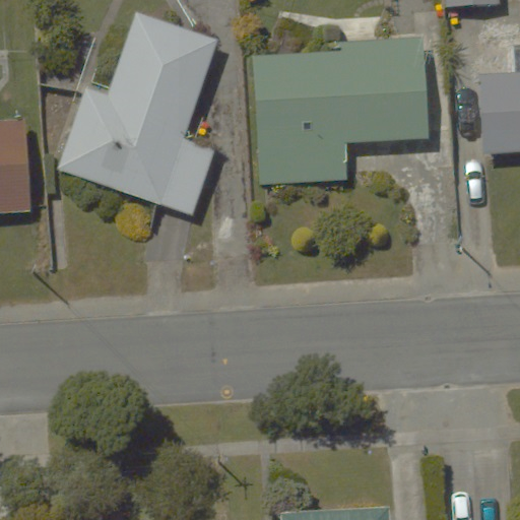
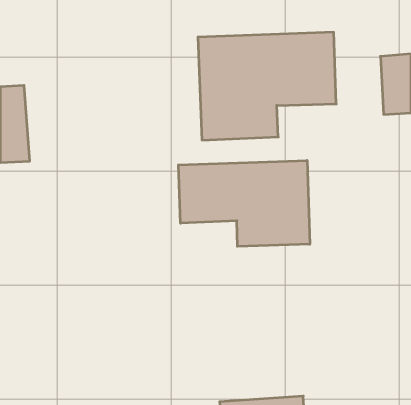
building: [58,12,220,203] -> none
building: none -> [178,160,310,246]

